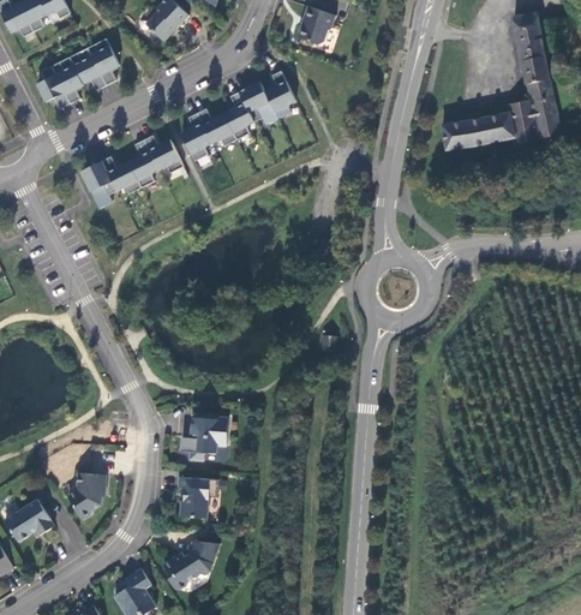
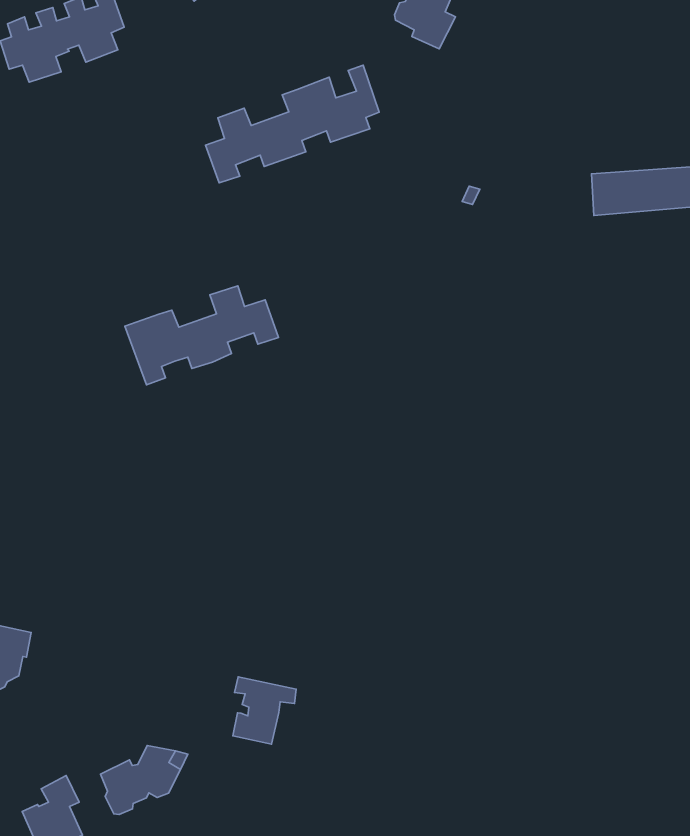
building: [80,135,184,208] -> [125,286,279,385]
building: [180,413,228,460] -> none
building: [178,476,218,518] -> [233,677,296,744]

